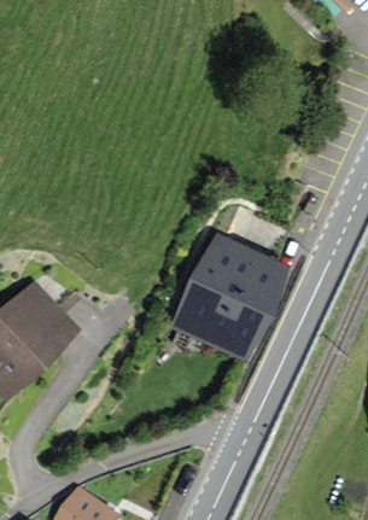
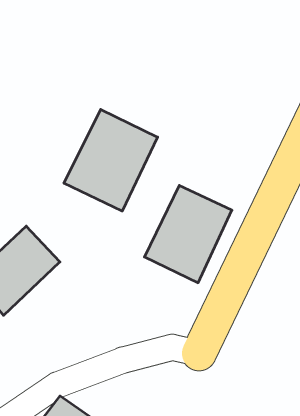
building: none -> [64,109,158,211]

